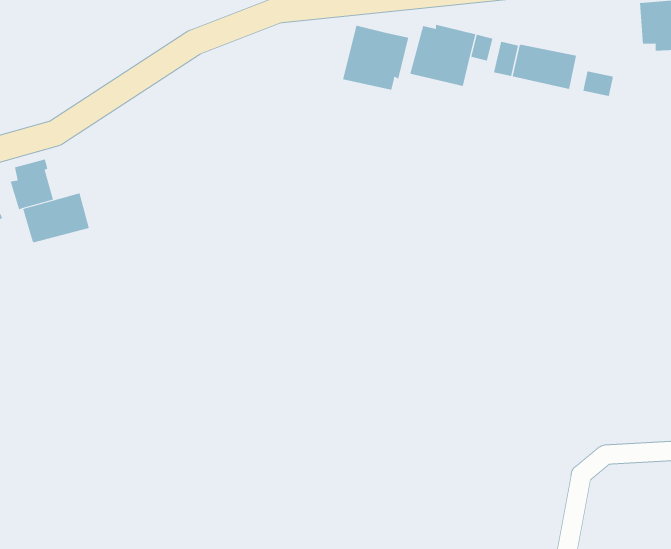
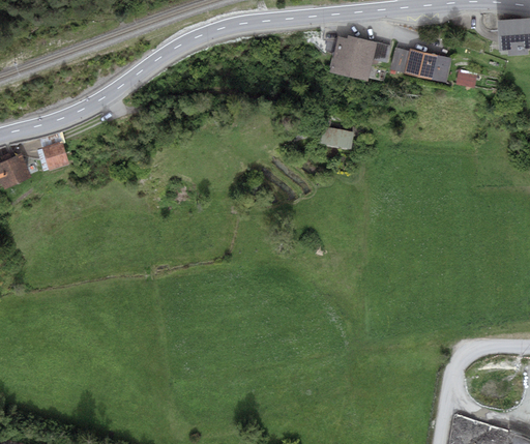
building: [343,25,409,91] -> none
building: none -> [321,127,353,150]
building: [23,193,89,243] -> none

